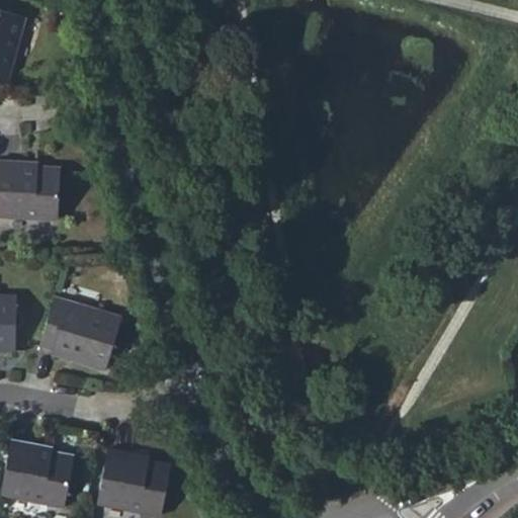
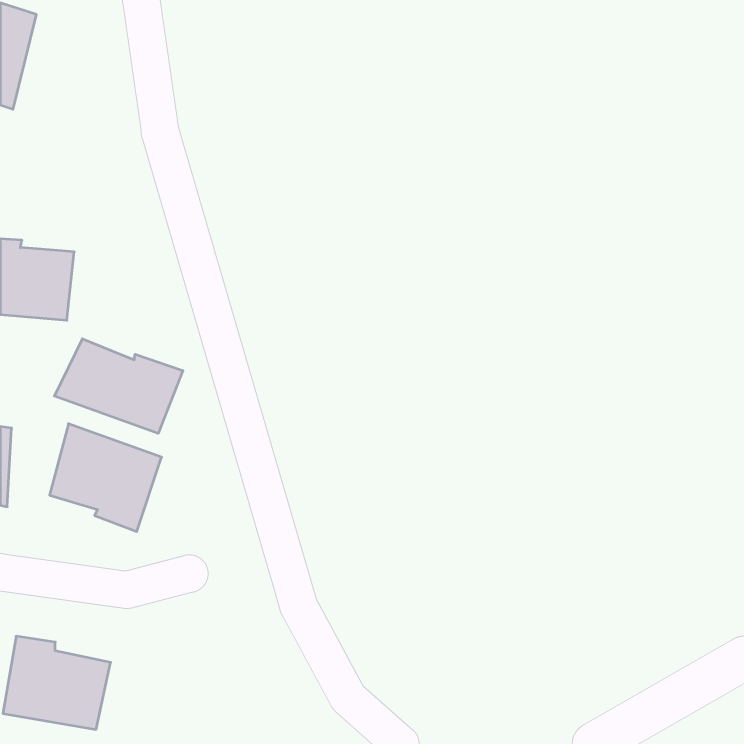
building: none -> [54,339,183,433]
building: [100,448,172,510] -> none

